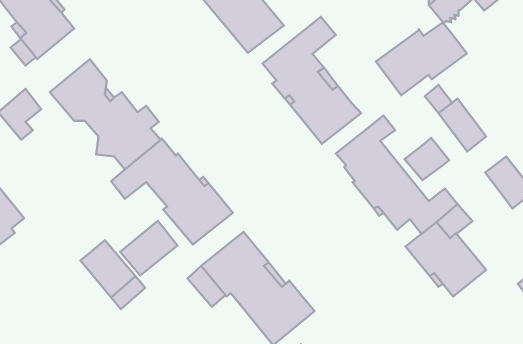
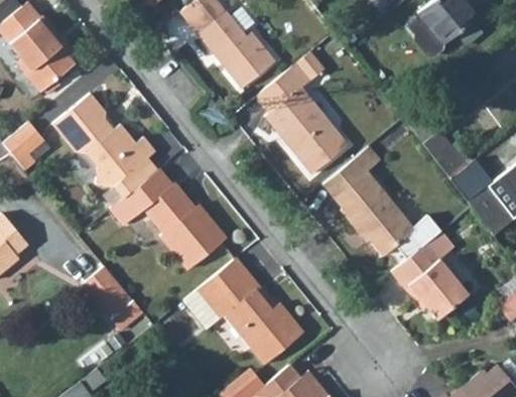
building: [376,22,467,95] -> none
building: [405,138,449,180] -> [449,160,492,201]
building: [120,221,177,275] -> none

